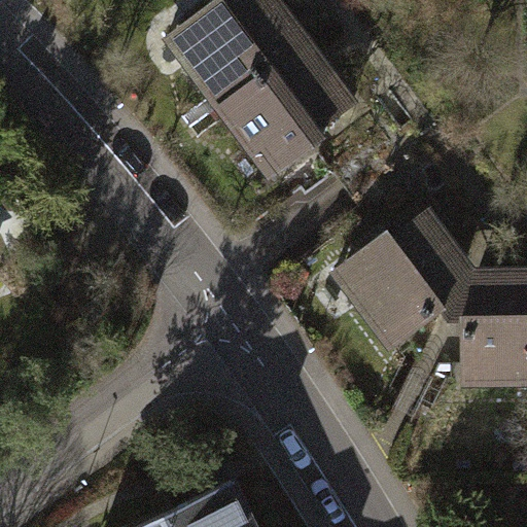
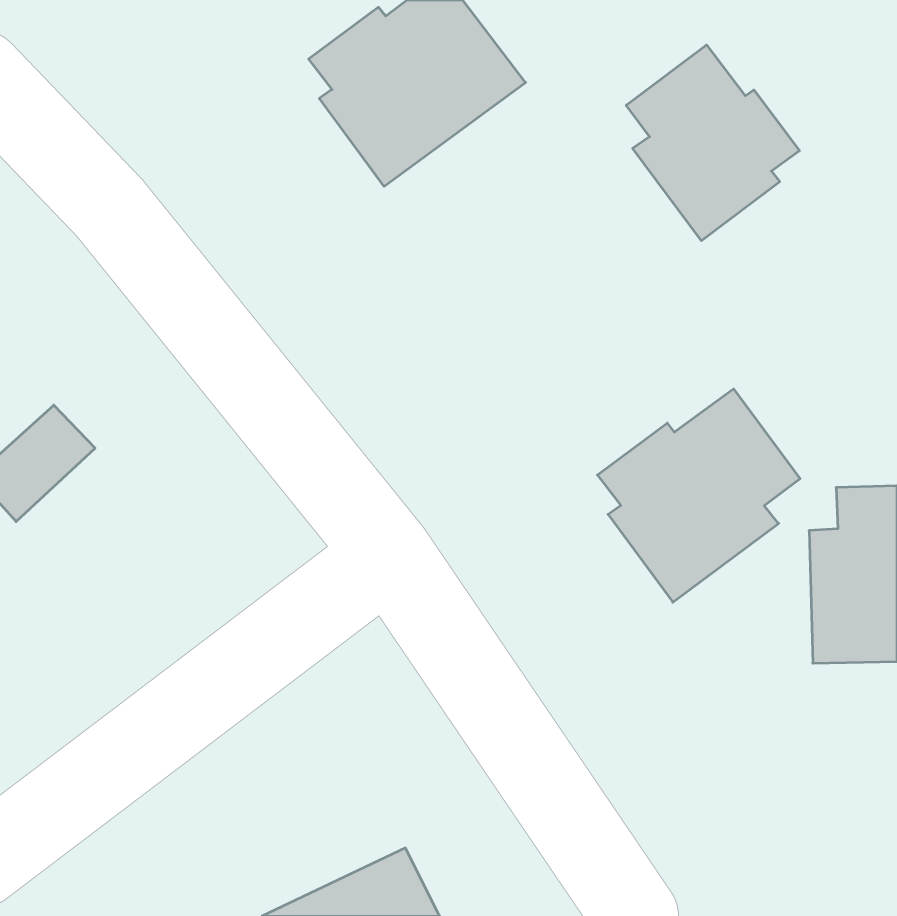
building: none -> [626,45,799,241]
building: [220,48,348,171] -> none

